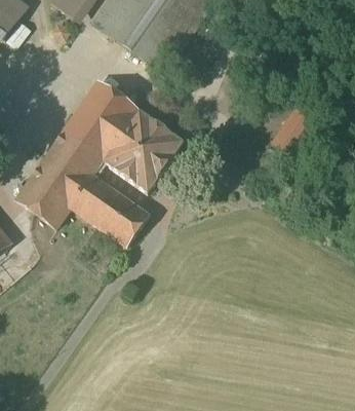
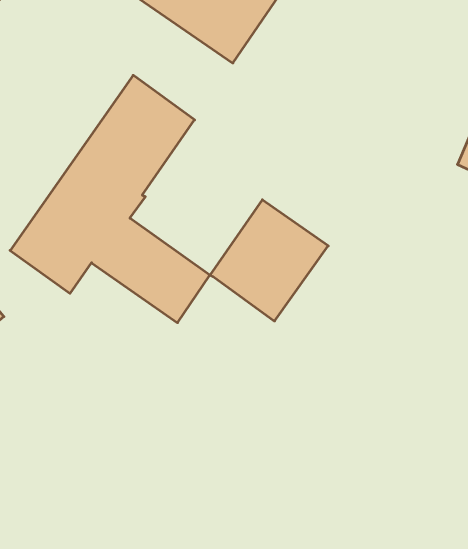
building: [105,111,184,192] -> [210,200,328,321]

